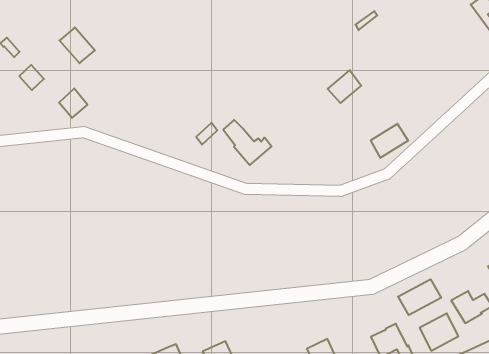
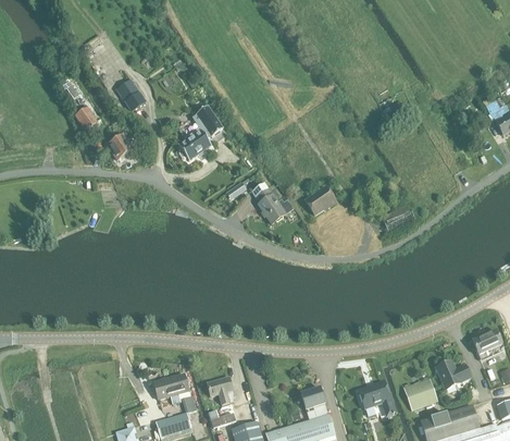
building: none -> [178,106,222,159]
building: [328,70,361,103] -> [304,186,335,215]
building: [398,279,441,315] -> none

